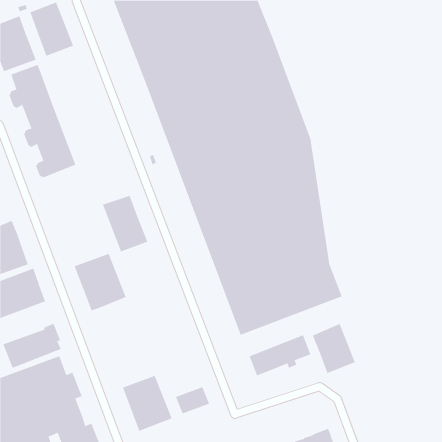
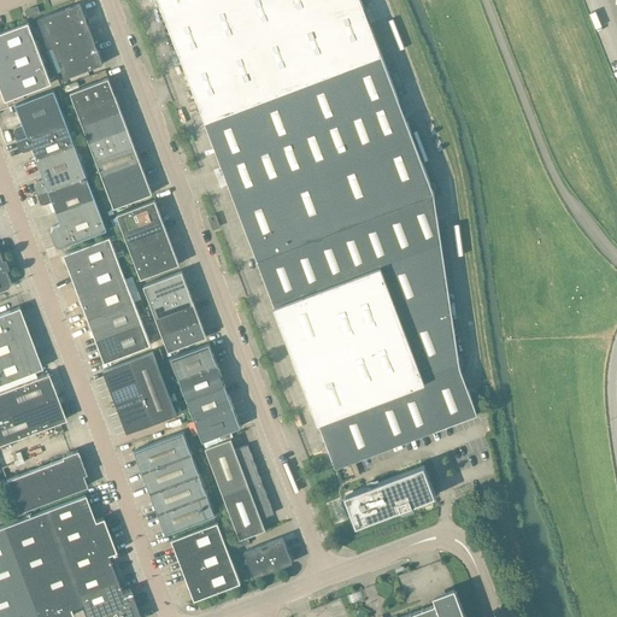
building: none -> [70,80,151,208]
building: none -> [116,201,178,280]
building: none -> [63,237,149,364]
building: none -> [170,345,241,442]
building: none -> [133,433,215,535]
building: none -> [204,439,274,540]
building: [312,323,356,374] -> none

